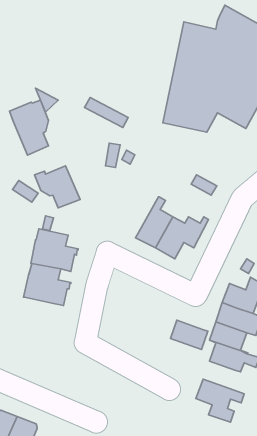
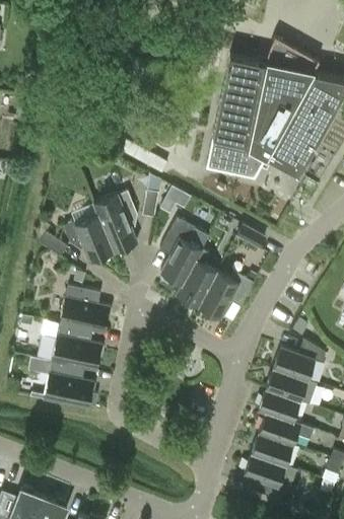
building: [9,100,49,155] -> [93,193,137,253]
building: none -> [159,218,209,287]
building: none -> [43,362,97,409]
building: [170,320,208,349] -> [251,433,292,465]

